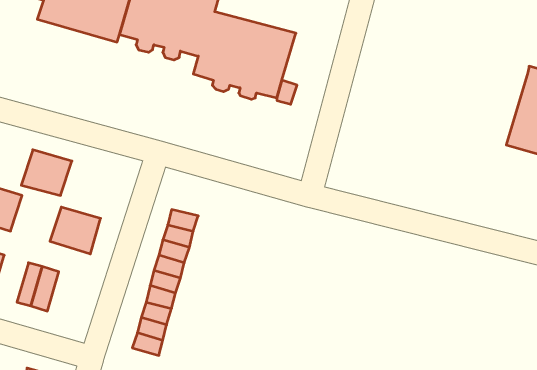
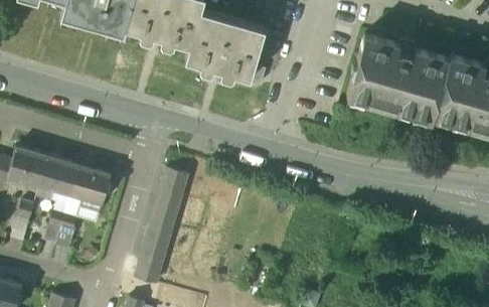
building: none -> [347,35,450,122]
building: [21,150,72,195] -> [39,158,79,194]

